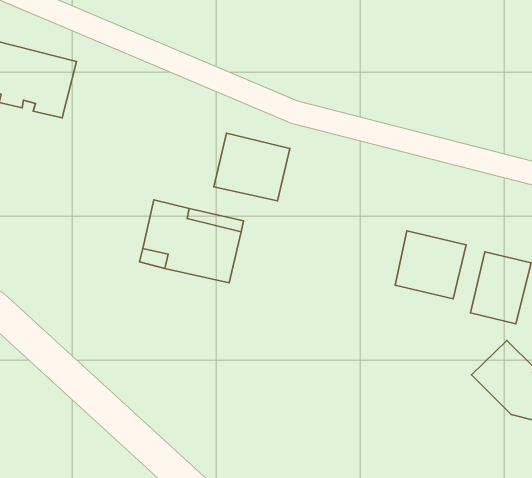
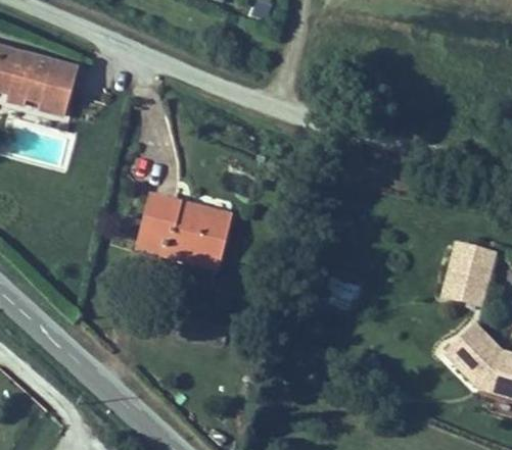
building: [214,133,290,201] -> none
building: [395,231,466,299] -> none

